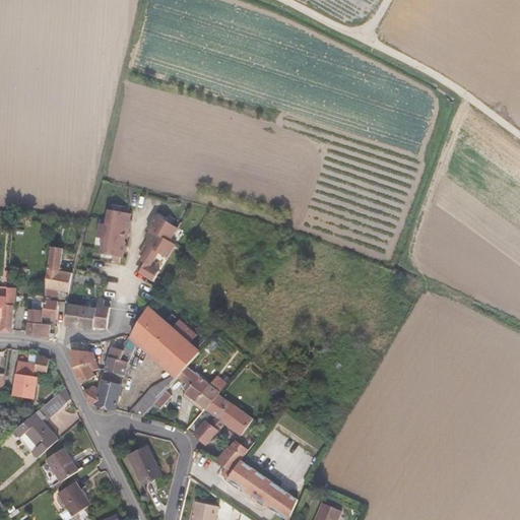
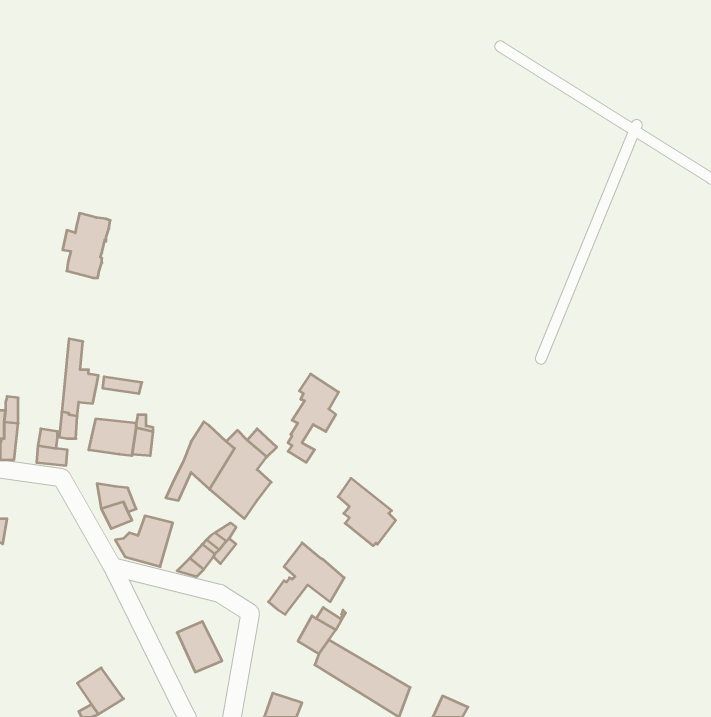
building: [93,210,128,257] -> [63,213,110,278]
building: [139,211,176,275] -> [288,374,339,462]
building: [106,345,129,375] -> none
building: [11,356,48,400] -> none
building: [177,362,218,410] -> [338,478,396,546]
building: [14,390,70,459] -> none
building: [45,449,77,482] -> none

